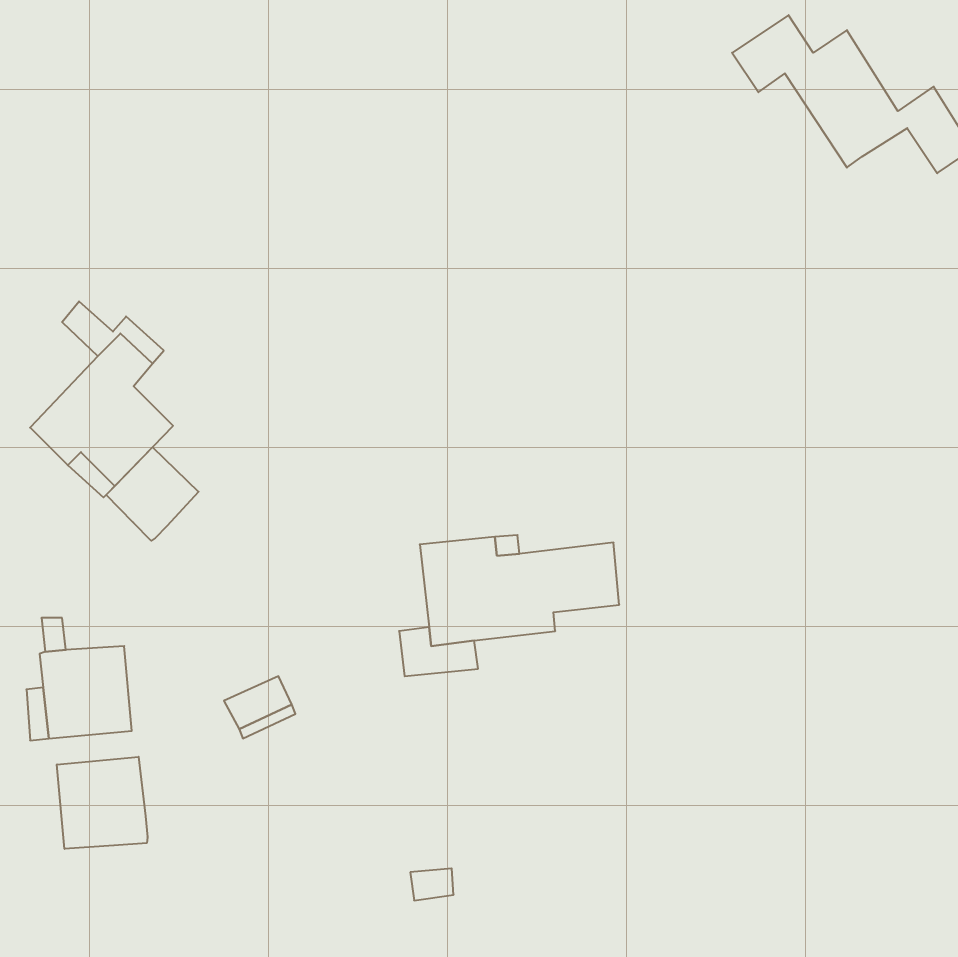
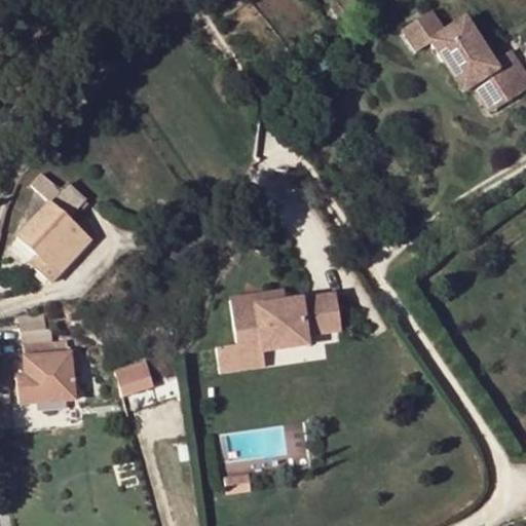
building: none -> [473,70,514,111]
building: [106,447,199,541] -> none
building: [57,757,147,849] -> none

